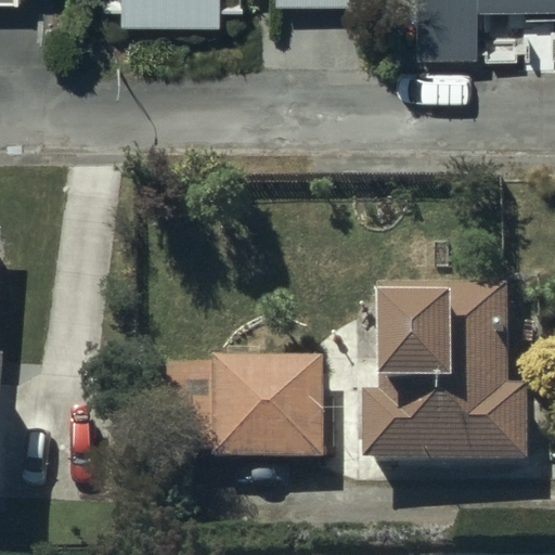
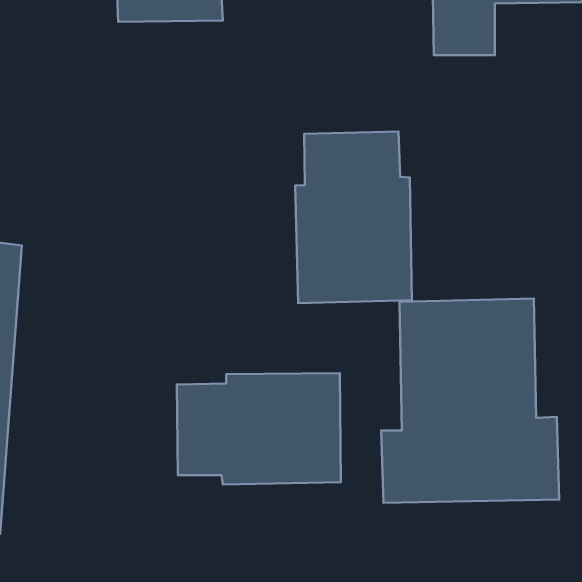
building: none -> [295,132,412,303]

